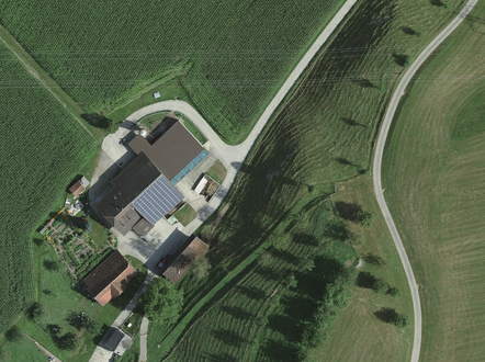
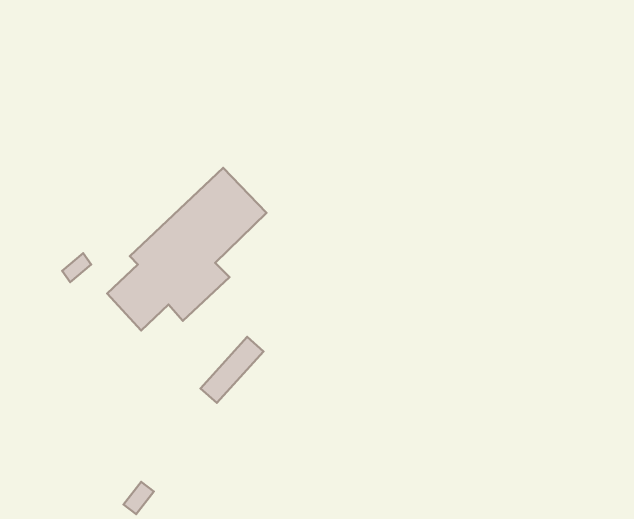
building: [82,253,134,305] -> none

